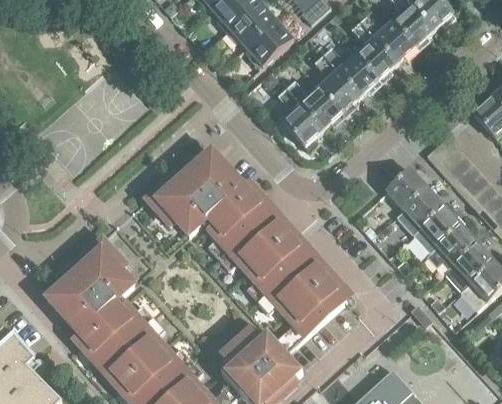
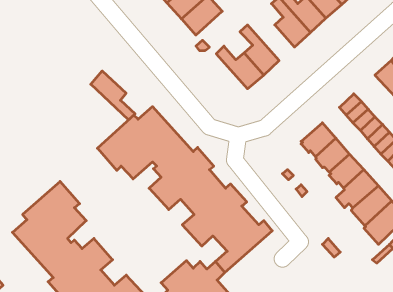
building: [323,46,378,95] -> none
building: [277,87,323,145] -> none
building: none -> [91,71,135,120]

